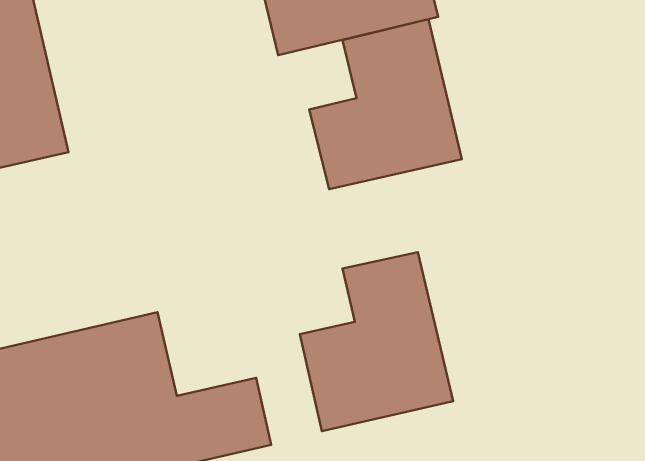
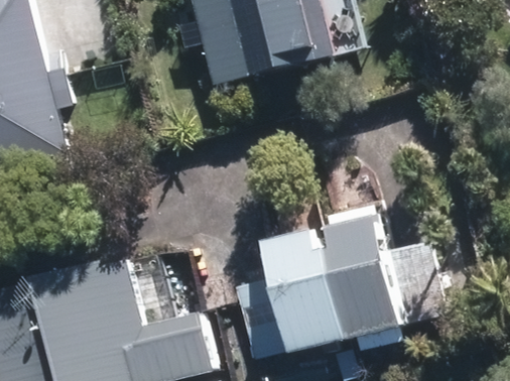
building: [309,19,462,189] -> none
building: none -> [320,211,443,335]

